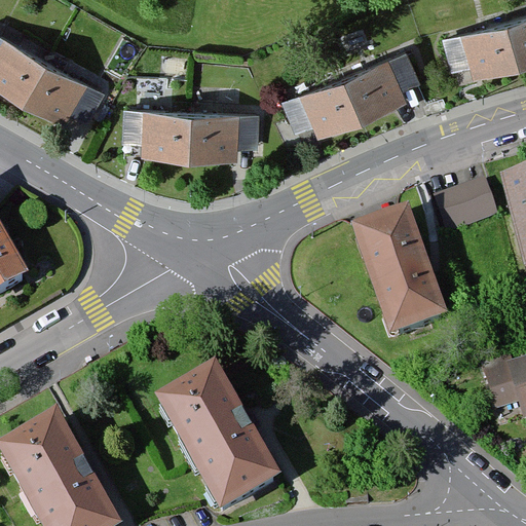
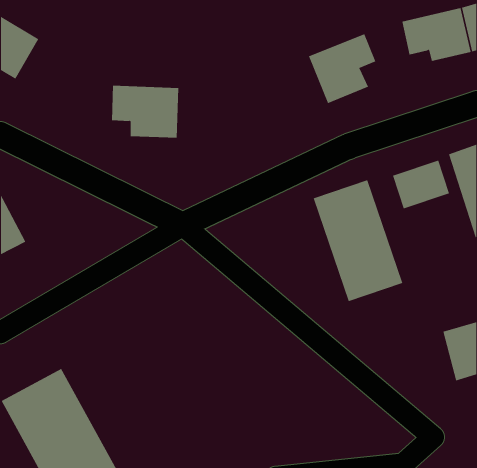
building: [17,53,106,122] -> none
building: [279,72,361,142] -> none
building: [195,107,261,164] -> none
building: [164,364,287,516] -> none

